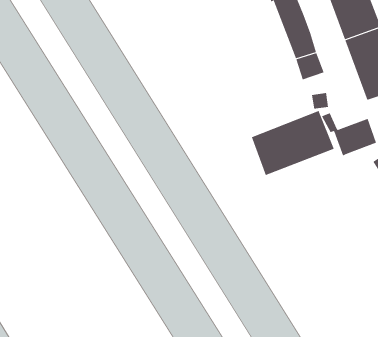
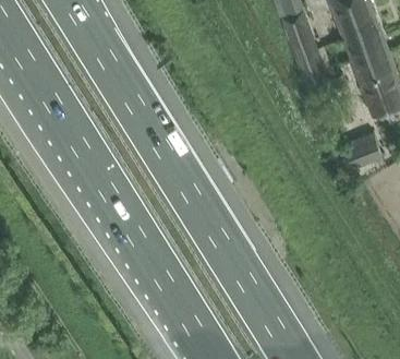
building: [251,110,335,176] -> none

